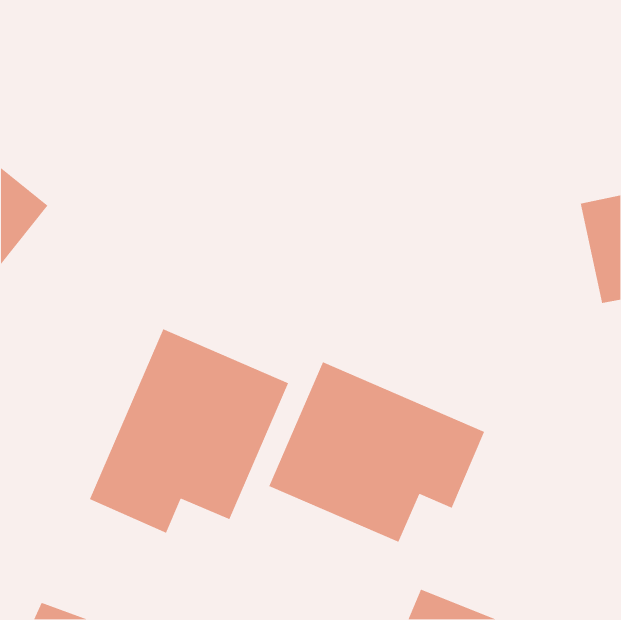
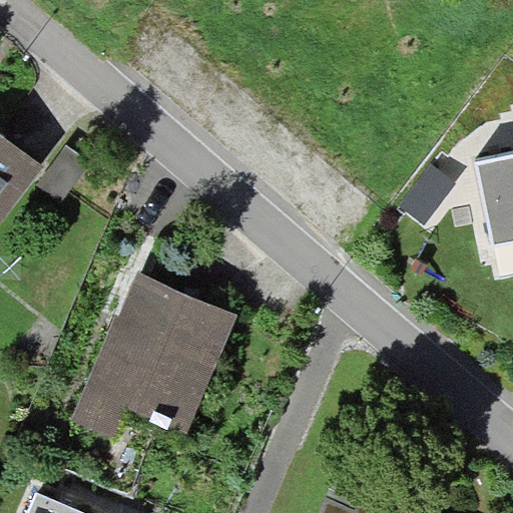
building: [268,361,485,543] -> none

